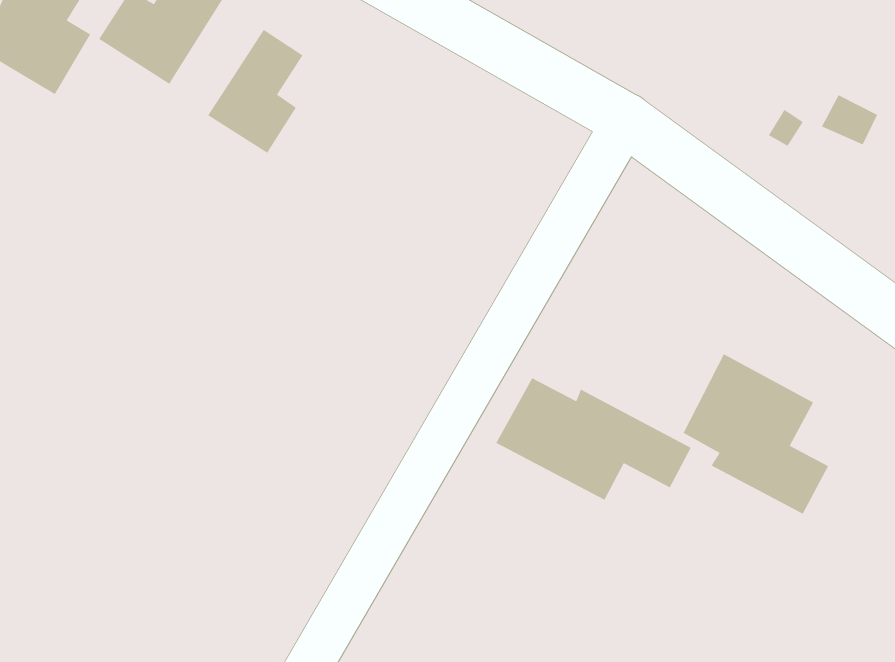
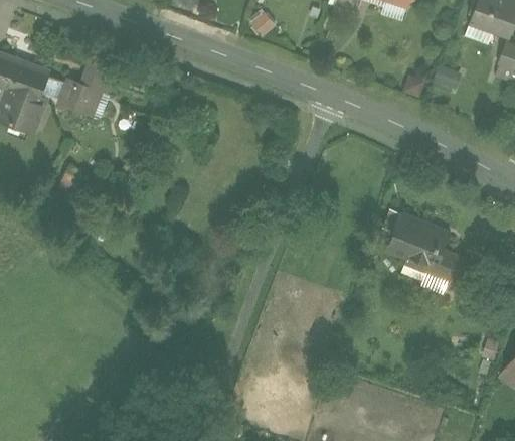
building: [207,29,304,154] -> none
building: [495,377,692,501] -> none

